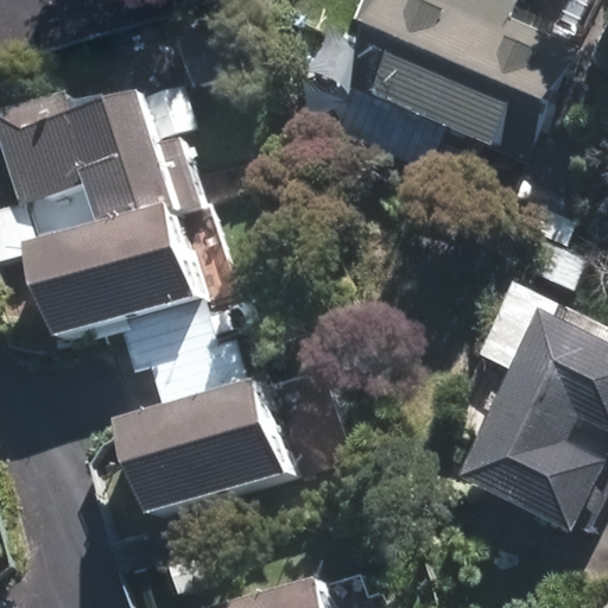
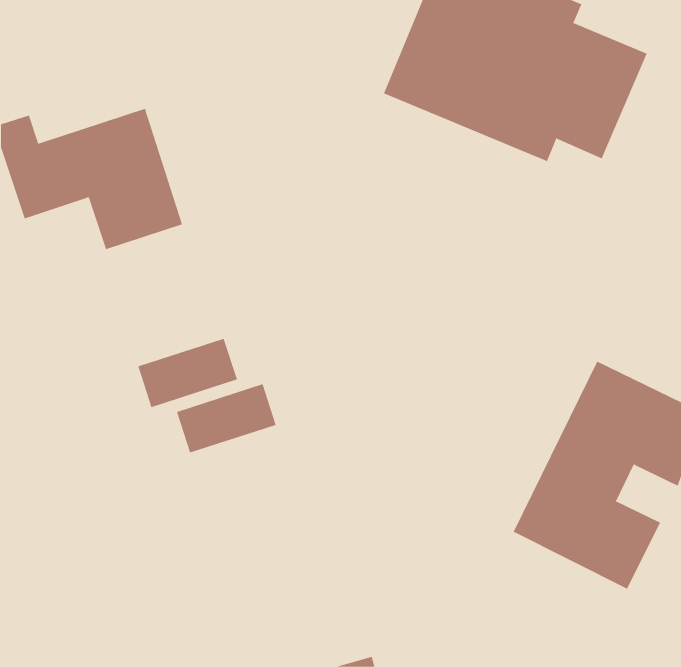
building: [21,202,201,337] -> none
building: [112,378,296,517] -> none

